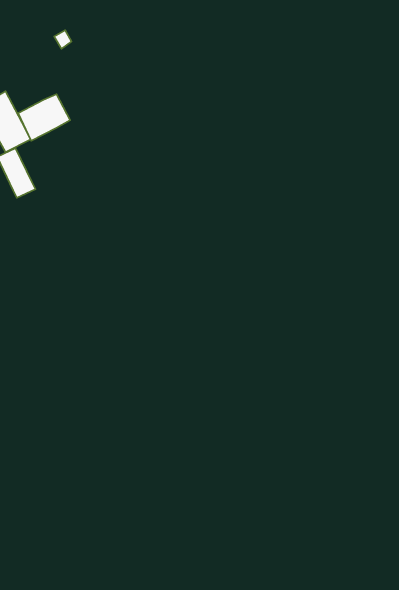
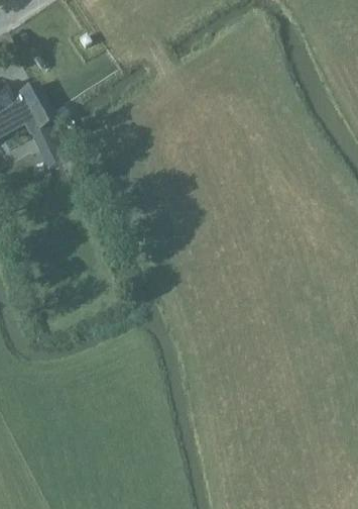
building: [18,94,70,141] -> none

